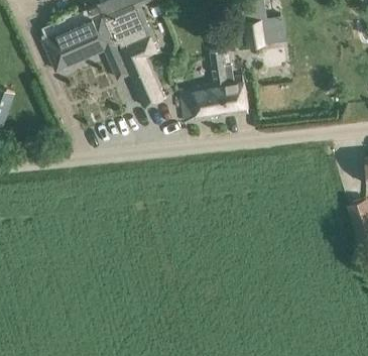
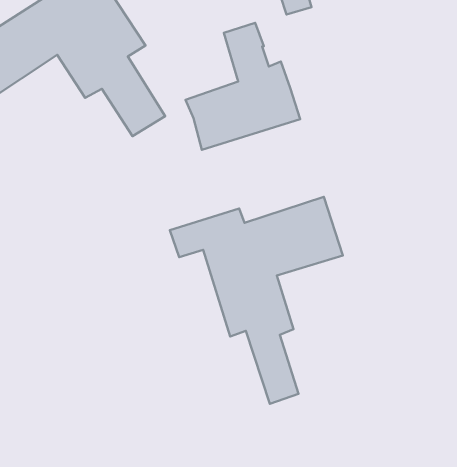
building: none -> [170,197,343,404]

